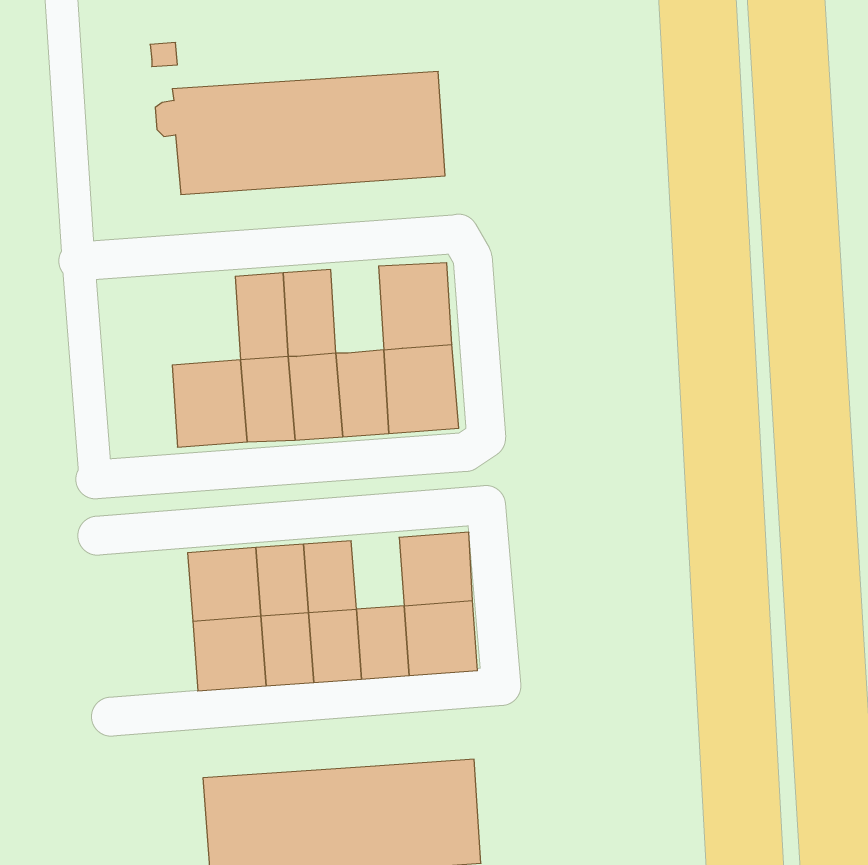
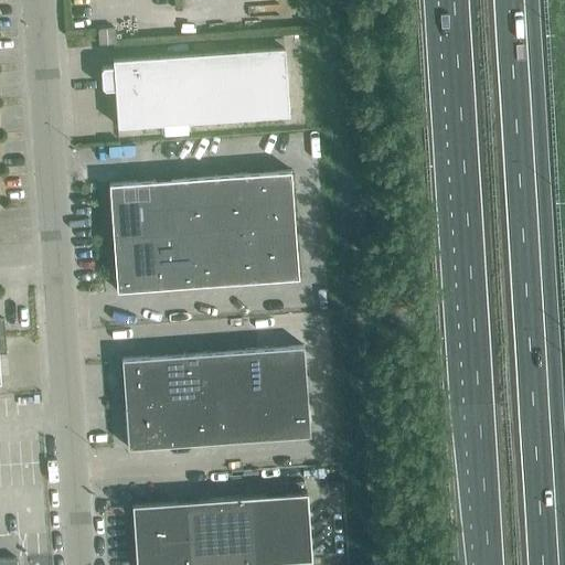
building: none -> [216,177,250,233]
building: none -> [109,183,158,241]
building: none -> [230,352,264,398]

